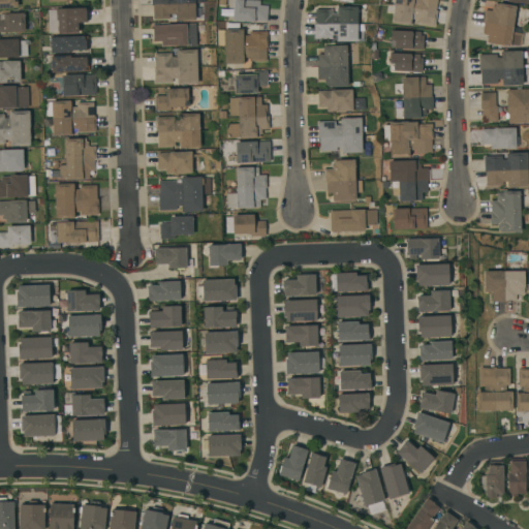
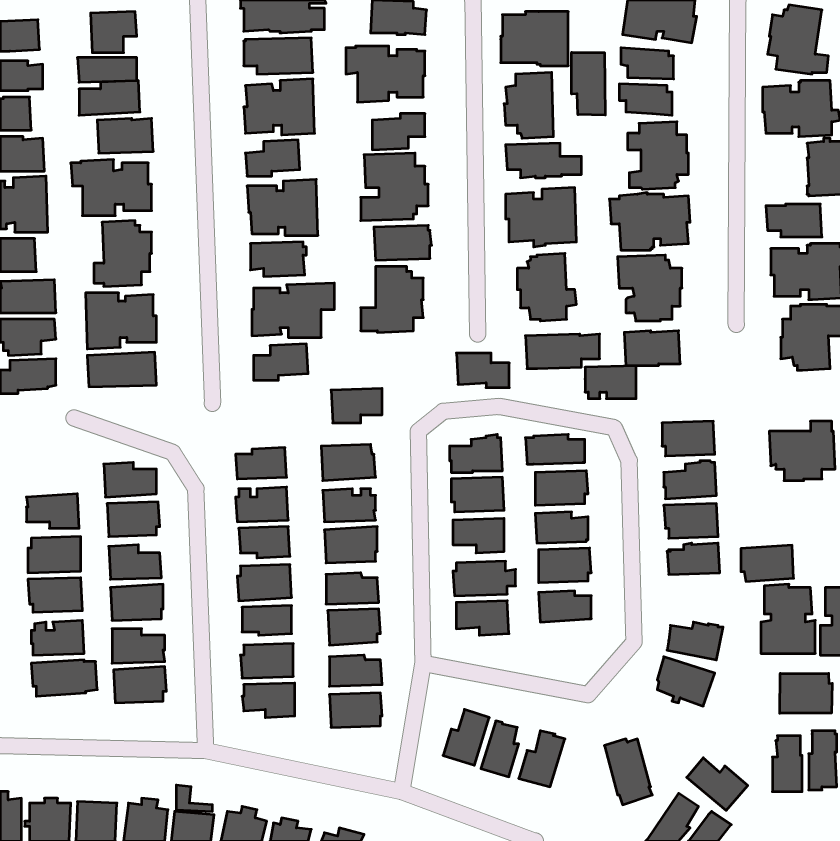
building: none -> [572,52,605,115]
building: [480,92,498,122] -> none
building: [232,215,266,237] -> [456,353,509,388]
building: [407,239,439,259] -> [585,366,636,399]
building: [155,247,187,269] -> none
building: [17,285,50,307] -> none
building: [419,364,453,386] -> [741,545,794,581]
building: [338,394,369,413] -> none
building: none -> [780,673,832,713]
building: [396,440,434,473] -> [687,758,748,810]
building: [355,469,384,506] -> none

